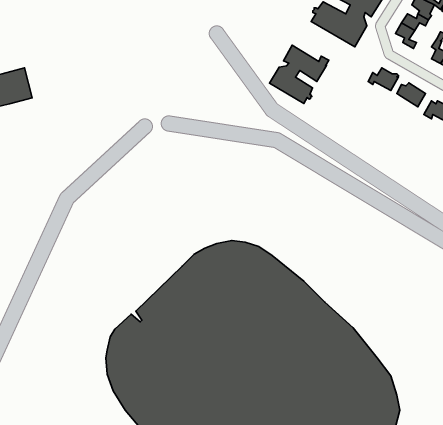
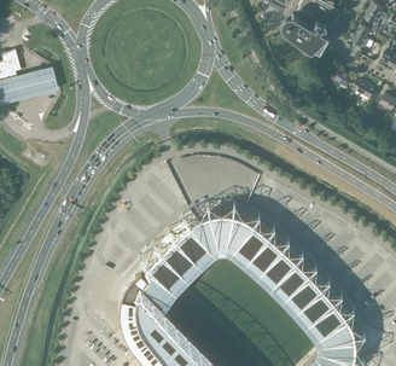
building: [269,45,329,103] -> none

